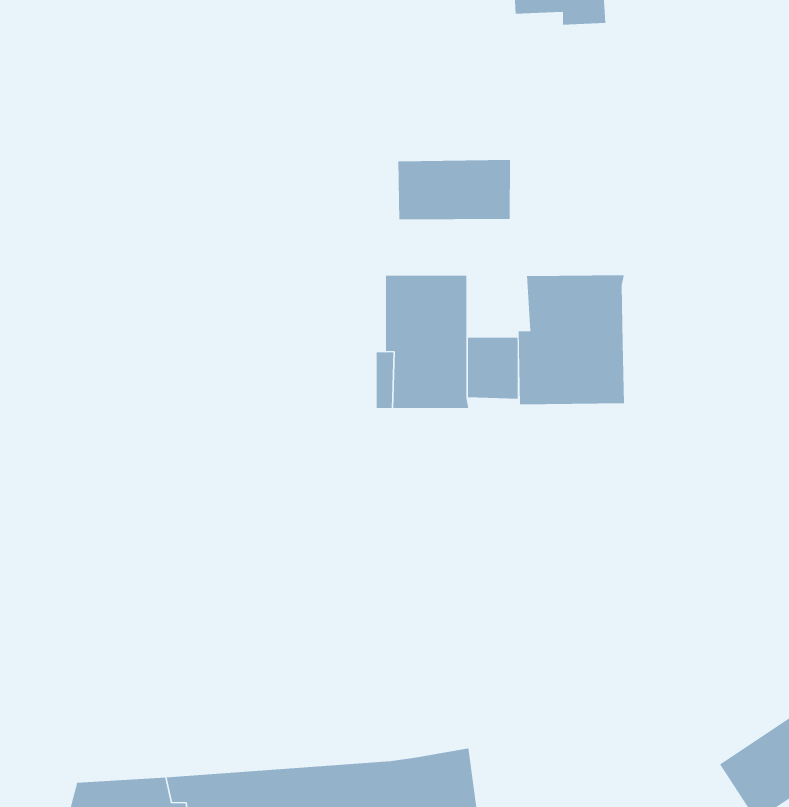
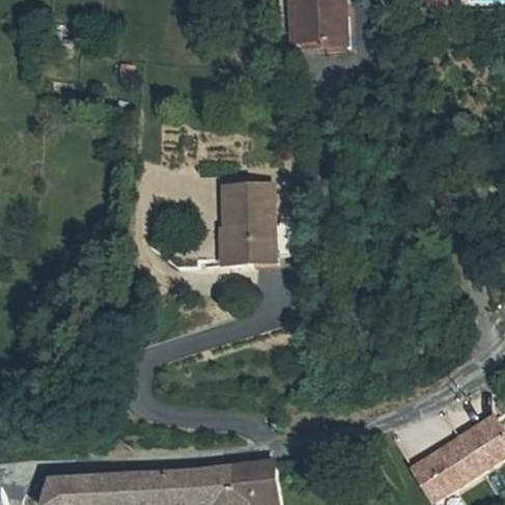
building: [398,159,511,220] -> none
building: [518,274,624,405] -> none

